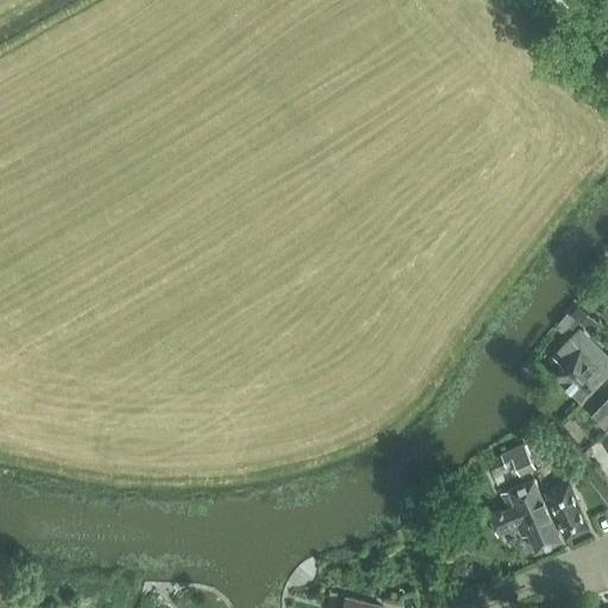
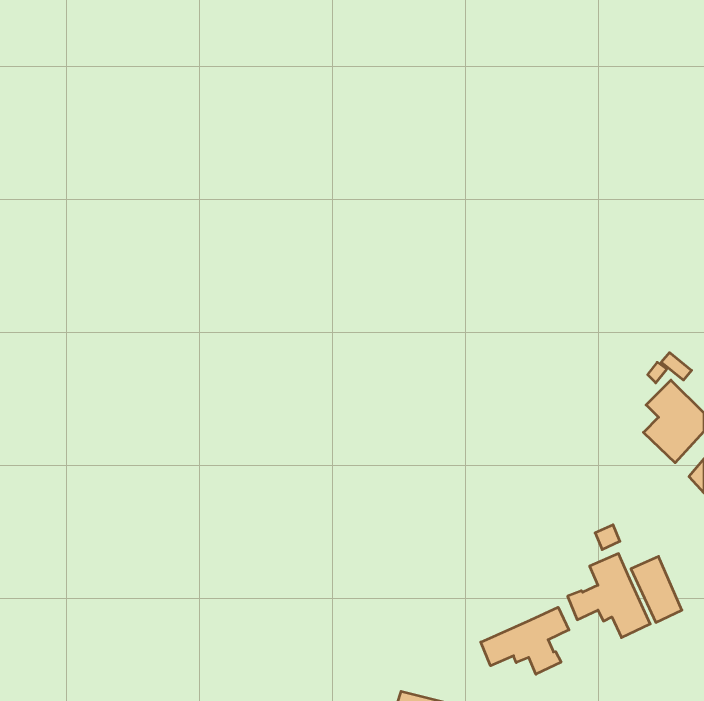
building: none -> [481,607,569,674]

